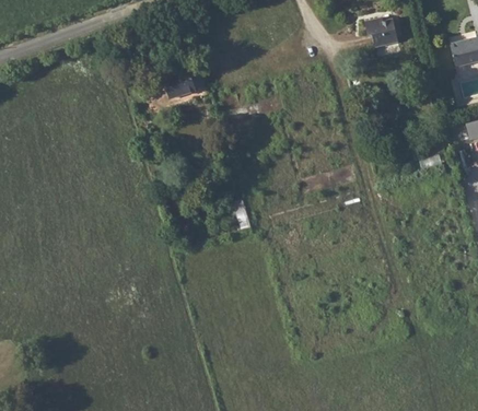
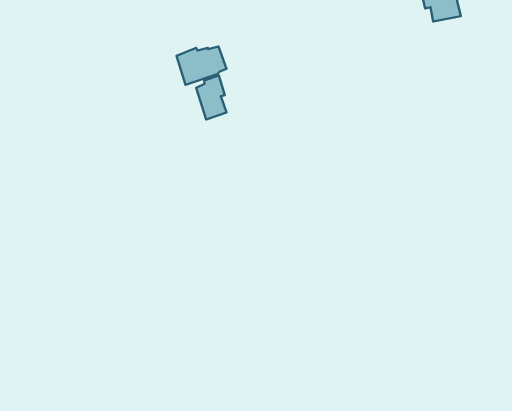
building: none -> [196,76,226,120]

